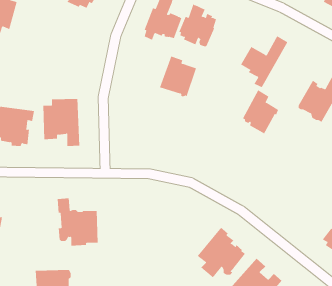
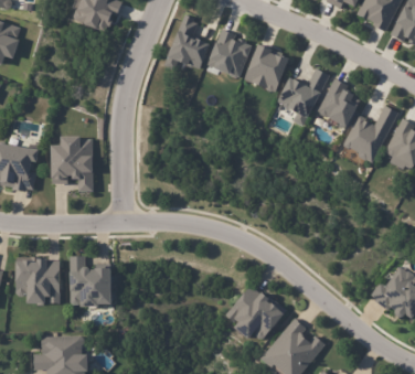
building: [159,55,197,97] -> [245,44,288,92]
building: [242,90,279,134] -> [317,79,359,130]
building: none -> [19,257,64,304]

